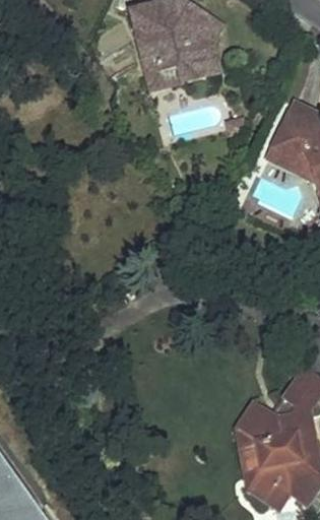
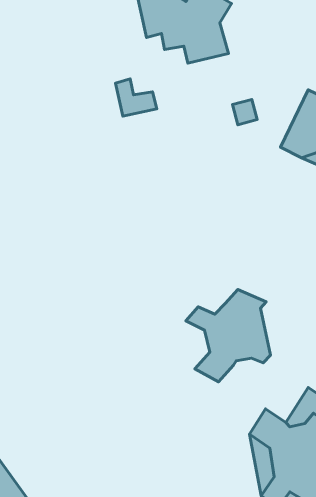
building: [141,50,181,85] -> [115,79,157,116]
building: none -> [186,290,270,382]

